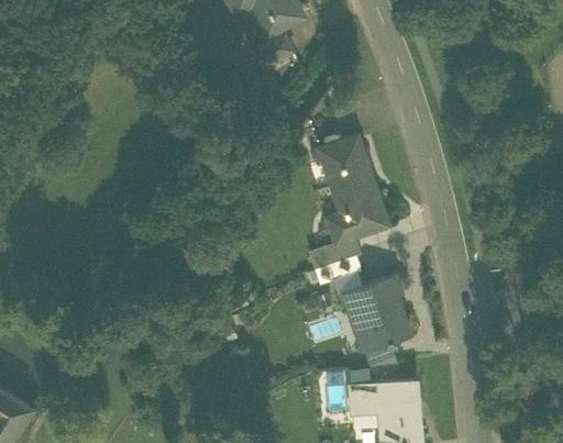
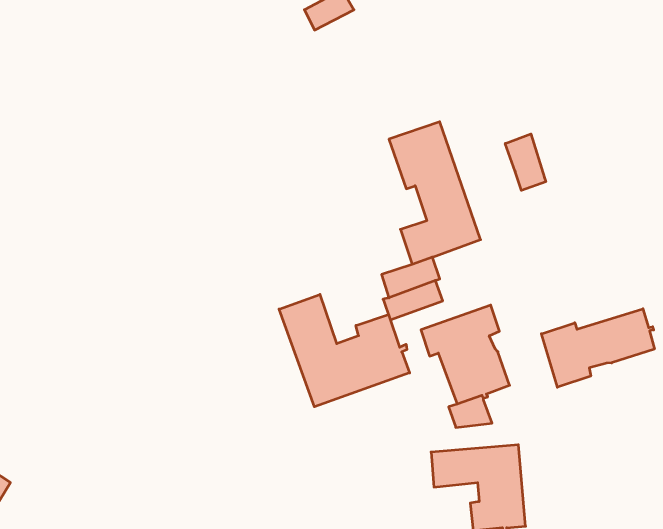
building: none -> [505,134,546,190]
building: none -> [279,294,410,407]
building: none -> [541,309,654,387]

